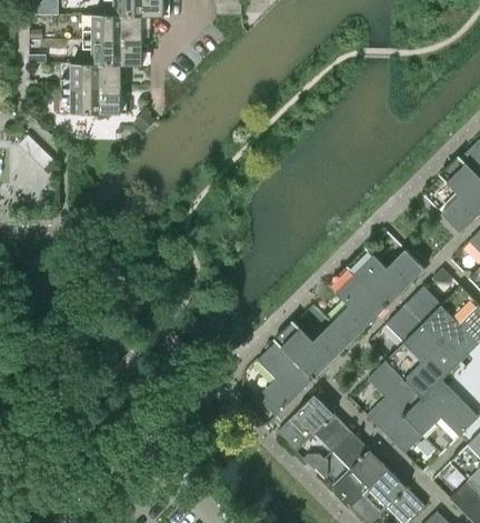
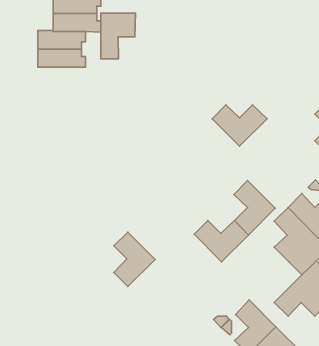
building: none -> [101,13,135,59]
building: [349,250,424,306] -> [212,105,267,146]
building: [257,342,313,416] -> [114,232,155,286]
building: [367,360,423,435] -> none
building: [277,395,351,452] -> none

